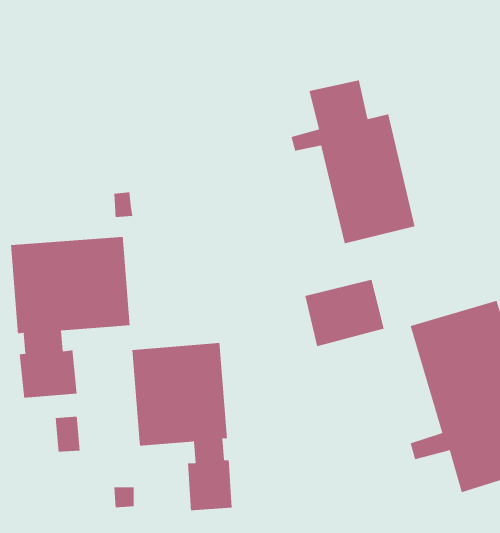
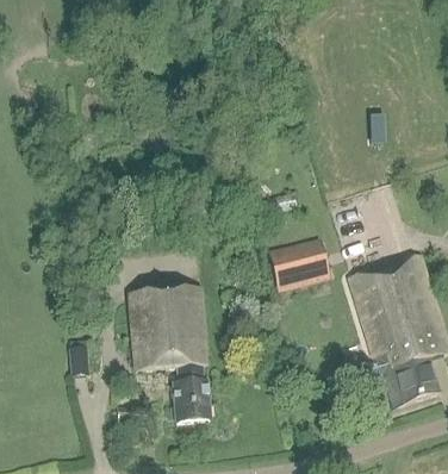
building: [291,79,415,244] -> none
building: [11,236,130,399] -> none

